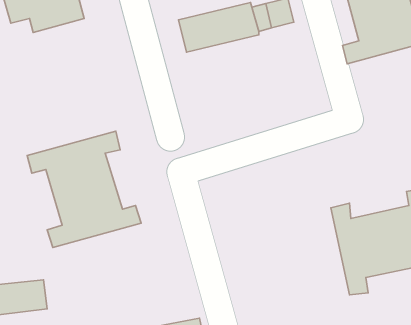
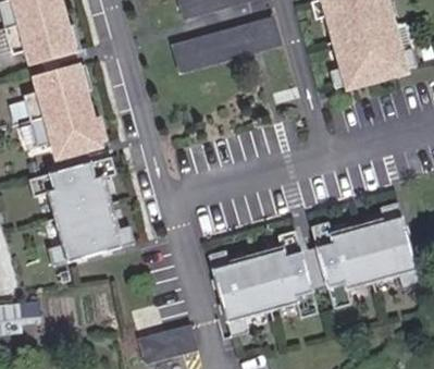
building: none -> [25,63,109,155]
building: none -> [209,227,315,329]

